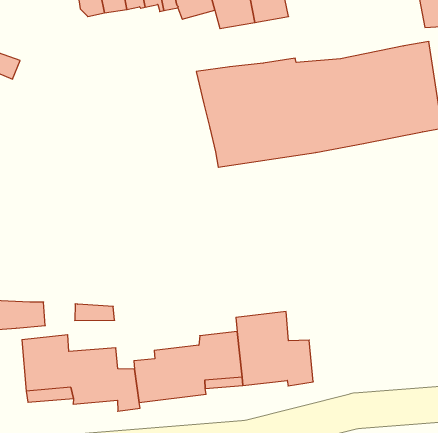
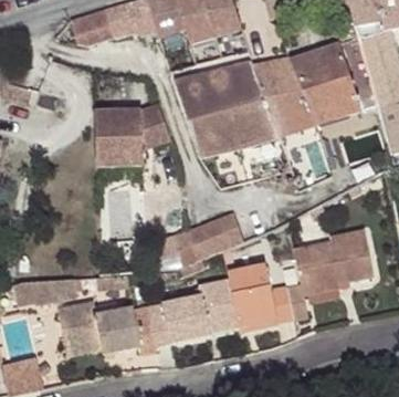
building: none -> [95,103,170,167]
building: none -> [174,210,246,265]
building: none -> [287,229,376,320]

